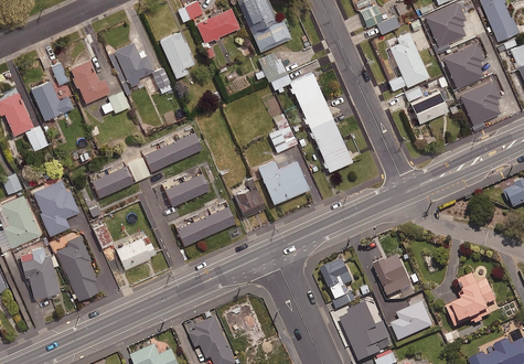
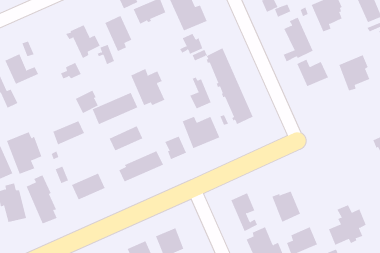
building: [442,43,483,87] -> none
building: [69,60,110,103] -> none
building: none -> [130,68,165,106]
building: none -> [75,90,99,114]

